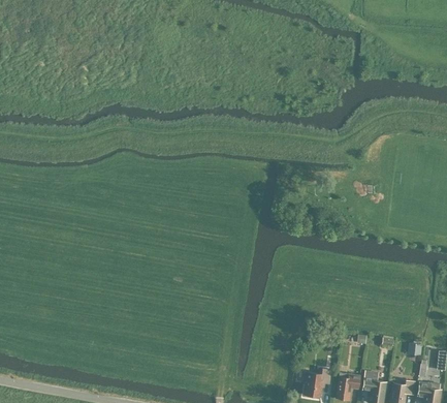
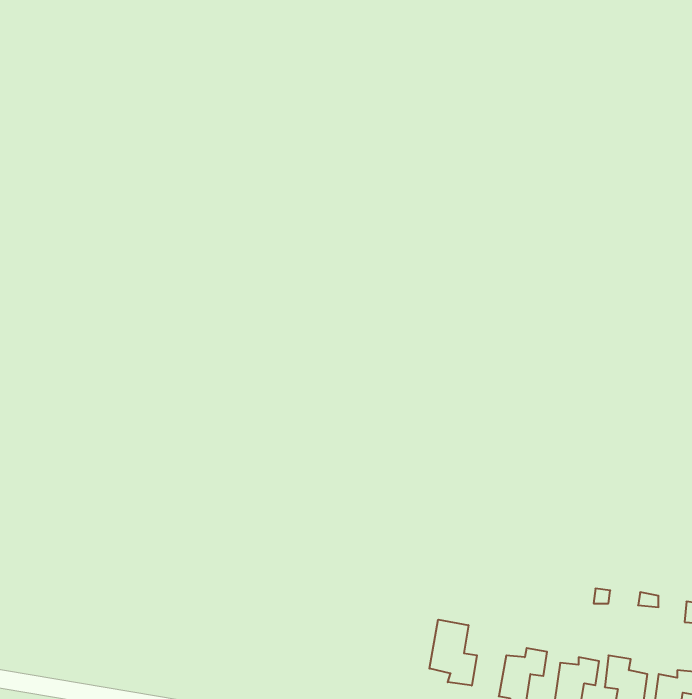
building: none -> [429,620,477,686]

